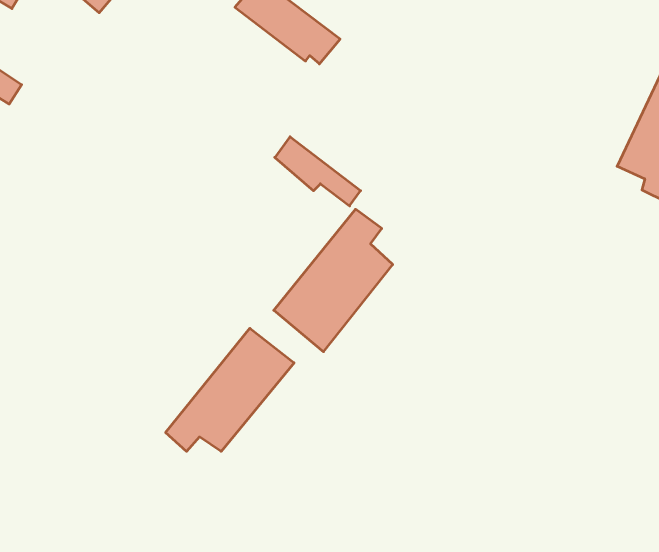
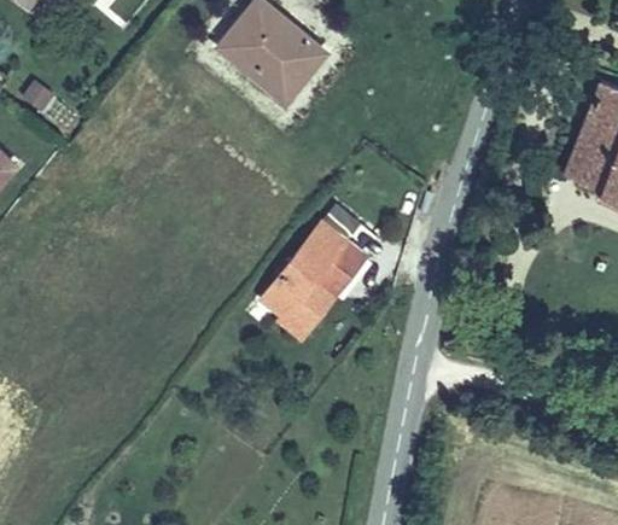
building: [275,137,361,206] -> [220,27,295,87]
building: [166,328,294,451] -> none

